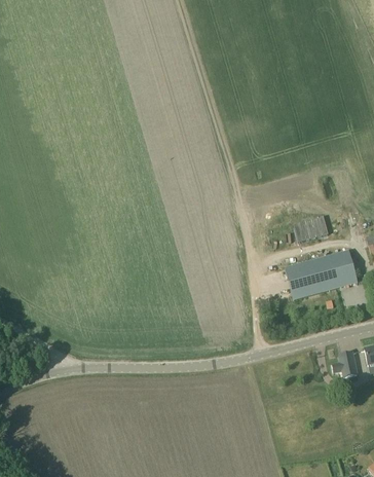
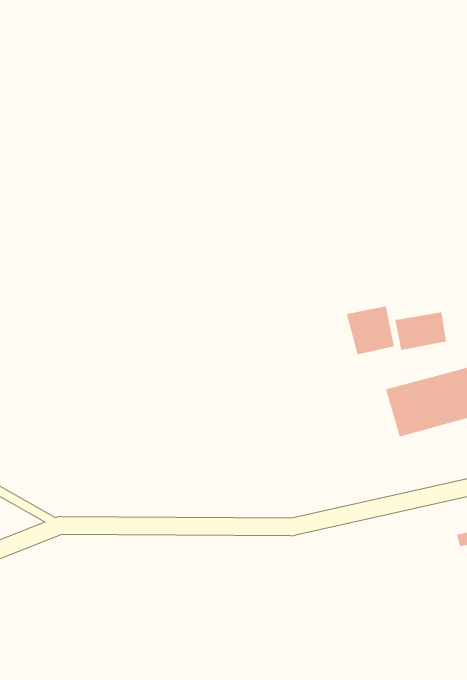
building: none -> [346,306,394,355]

